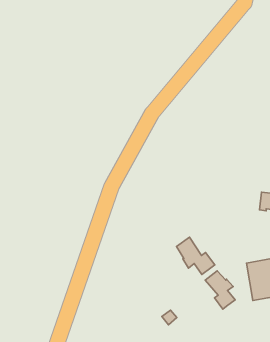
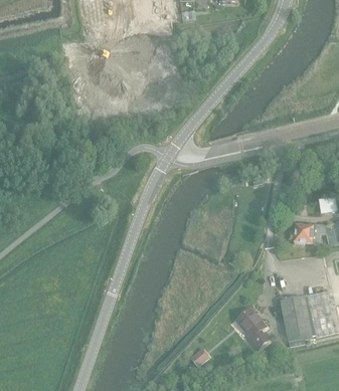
building: [177,237,215,274] -> none

